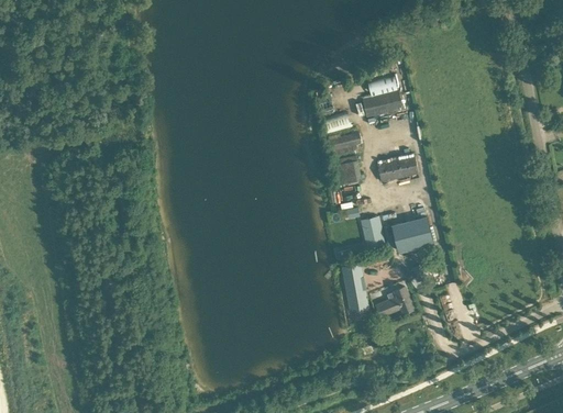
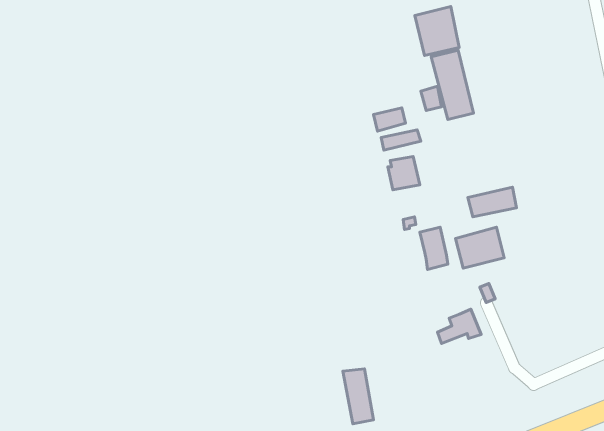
building: none -> [415,7,459,56]
building: [376,156,418,181] -> [468,187,516,217]
building: [341,264,367,311] -> [343,369,373,424]

